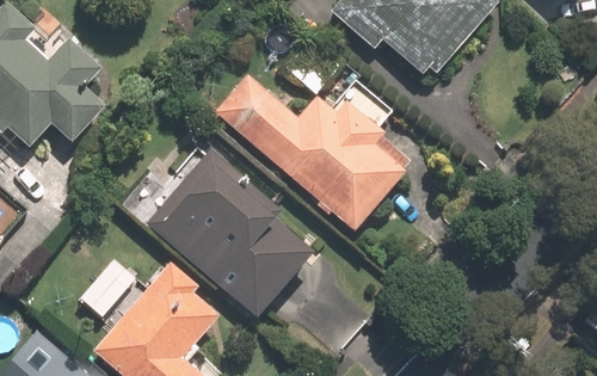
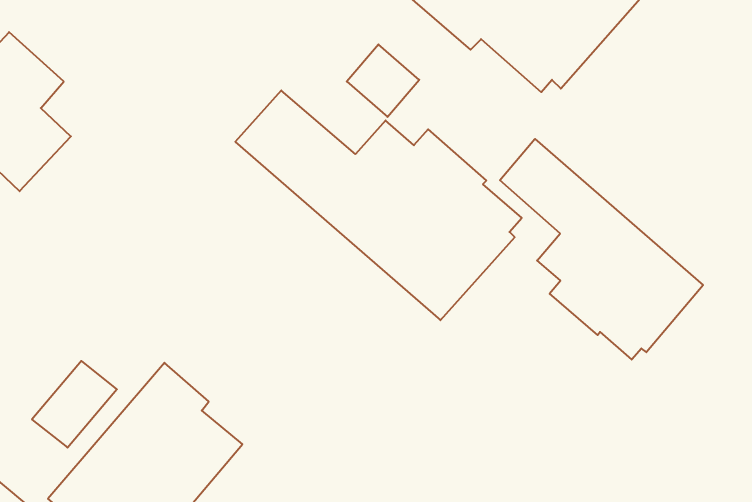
building: none -> [500,139,703,360]
building: [148,150,312,318] -> none

